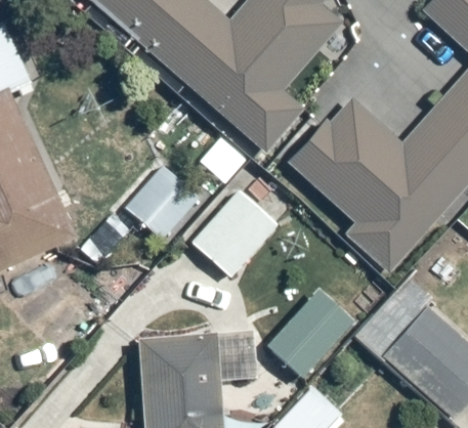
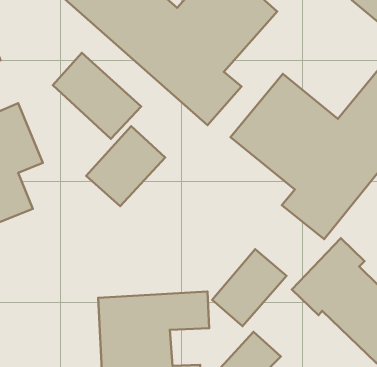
building: none -> [53,53,141,139]
building: [193,185,285,280] -> none

